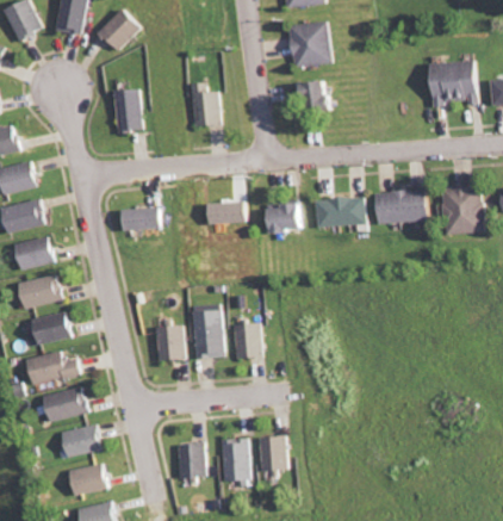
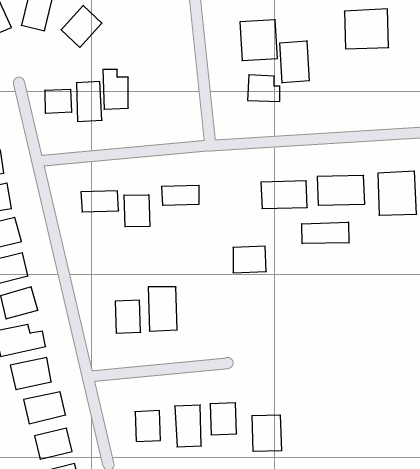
building: none -> [280,41,309,83]
building: [430,61,478,104] -> [344,9,389,49]
building: [192,83,219,126] -> [103,70,128,109]
building: none -> [45,89,72,113]
building: [266,204,302,232] -> [233,246,266,273]
building: none -> [124,195,150,227]
building: none -> [302,222,349,244]
building: [234,323,261,359] -> none
building: none -> [252,415,281,451]

